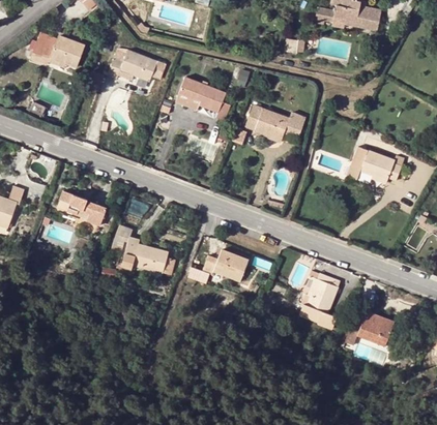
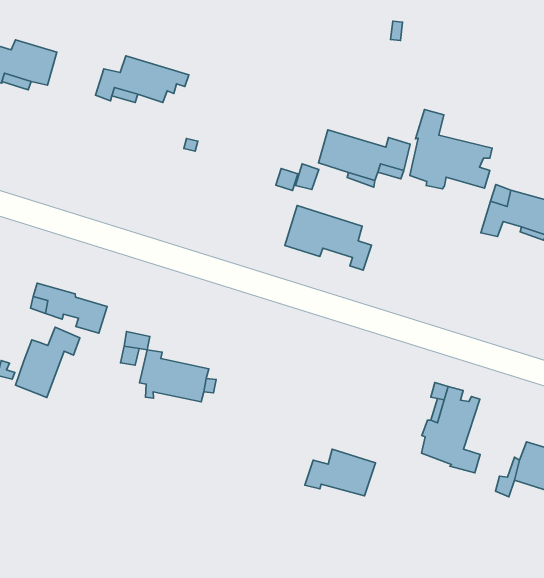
building: [175,78,230,121] -> [285,206,371,270]
building: none -> [410,109,492,189]
building: none -> [15,327,80,398]
building: [202,249,247,280] -> [305,449,375,496]

